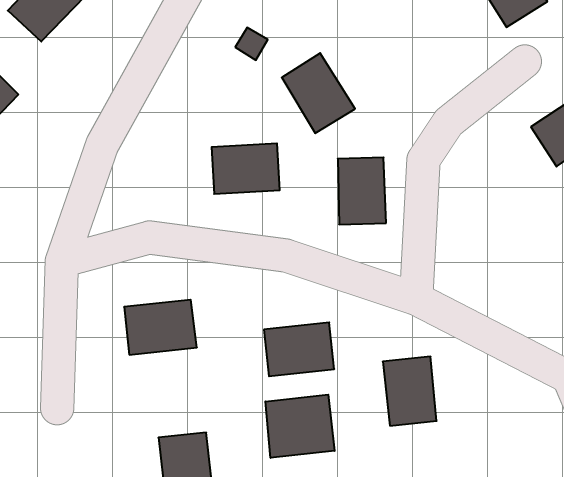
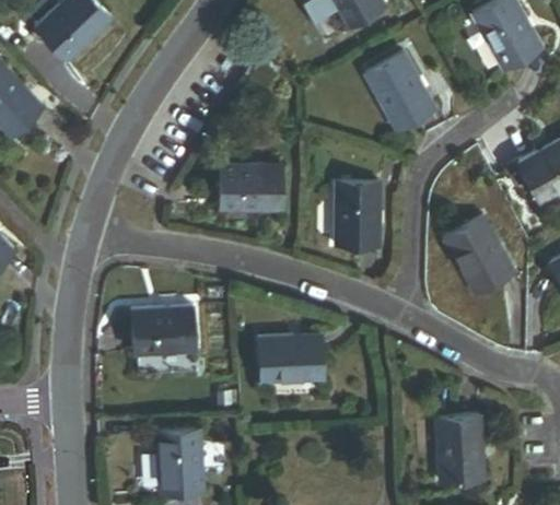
building: [282,53,355,133] -> [366,54,433,128]
building: none -> [446,219,512,292]
building: [383,357,437,426] -> [435,416,482,479]
building: [265,395,335,458] -> none

